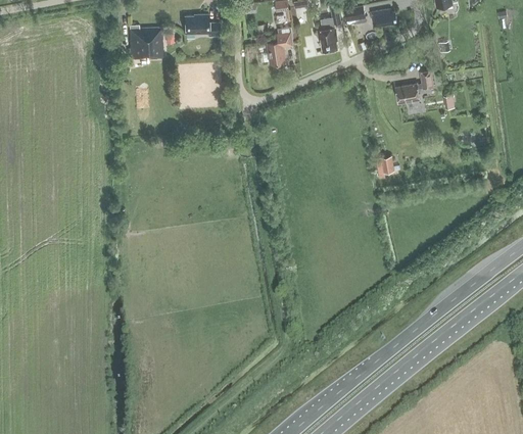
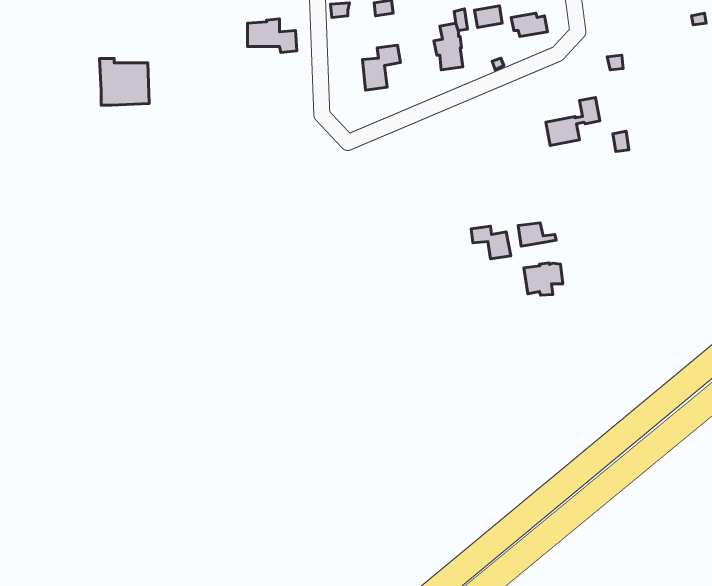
building: [129,26,163,58] -> [100,58,149,105]
building: none -> [471,226,511,259]
building: none -> [524,263,563,295]

